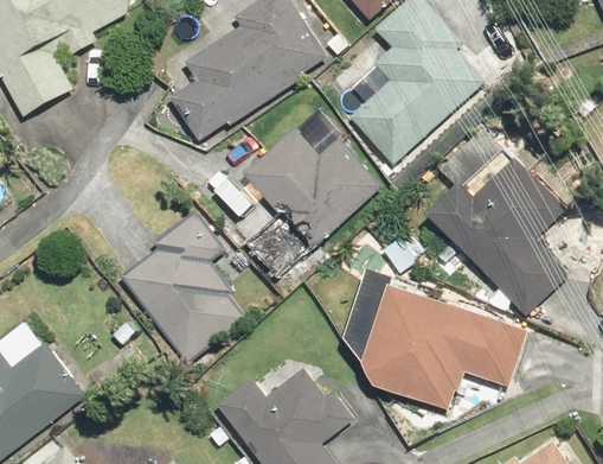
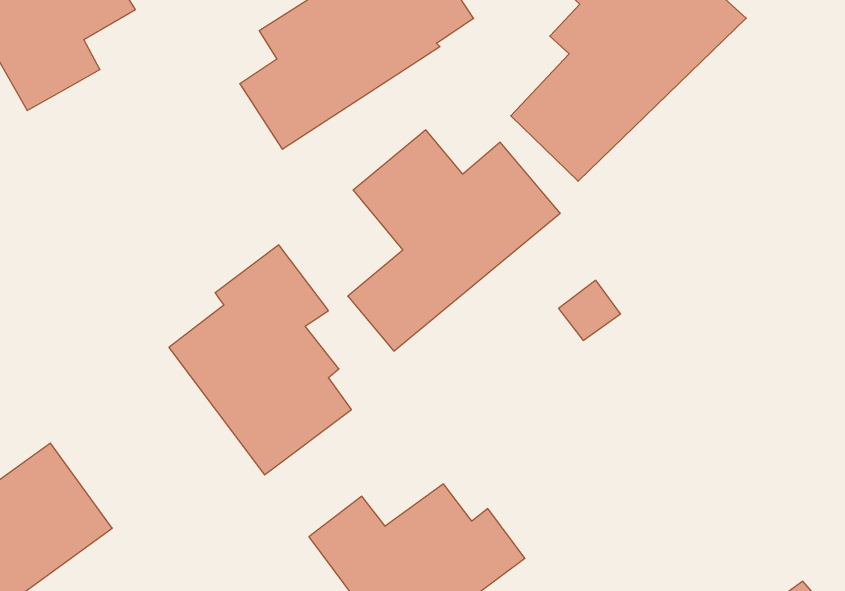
building: [435,148,566,313] -> none
building: [351,269,524,413] -> none

